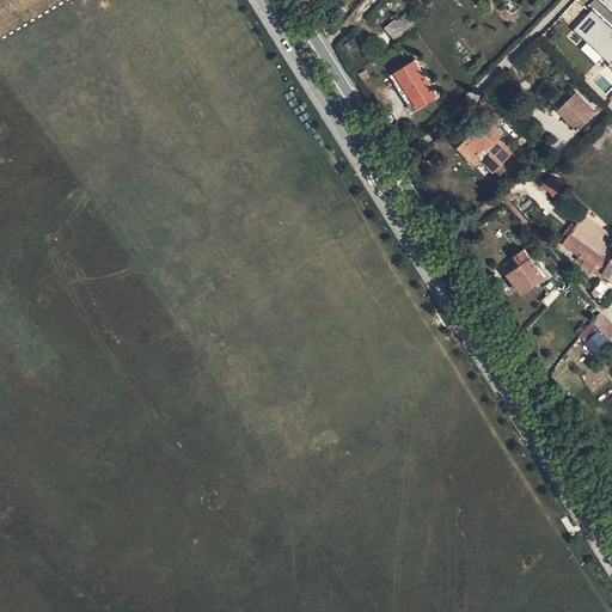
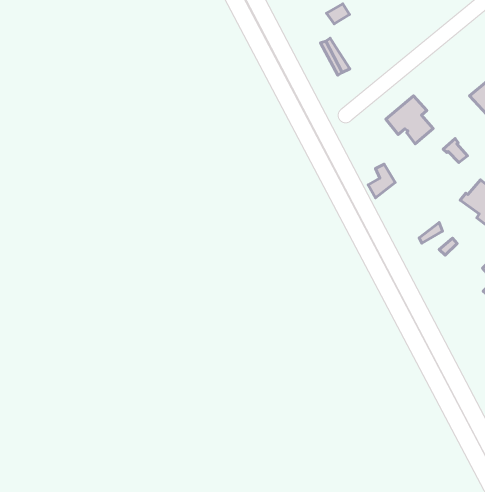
building: [396,54,432,97] -> none
building: [504,246,536,286] -> [368,164,395,198]

